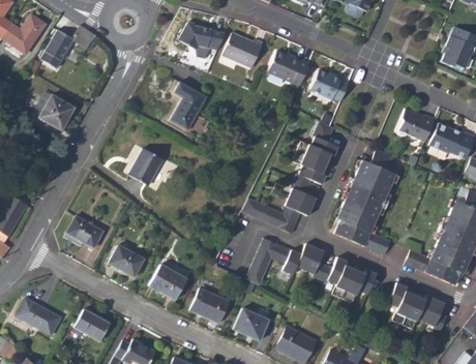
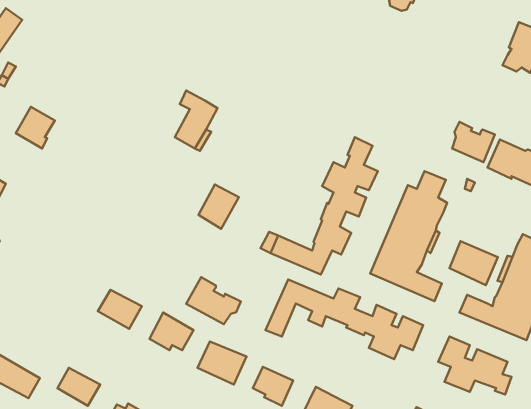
building: [177,22,224,58] -> none
building: [41,25,95,67] -> none
building: [220,32,261,66] -> none
building: [267,52,307,85] -> none
building: [308,68,348,100] -> none
building: [129,149,162,185] -> [199,185,239,229]
building: none -> [450,241,498,285]
building: [66,215,103,248] -> none
building: none -> [186,277,241,324]

